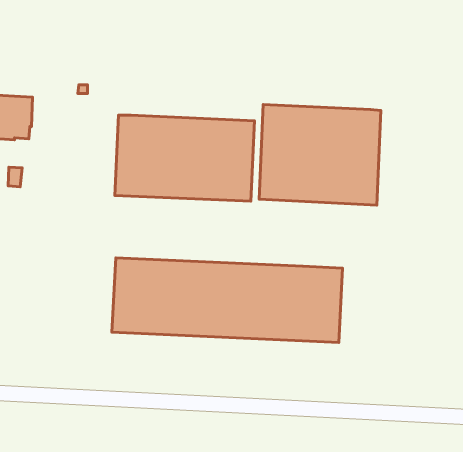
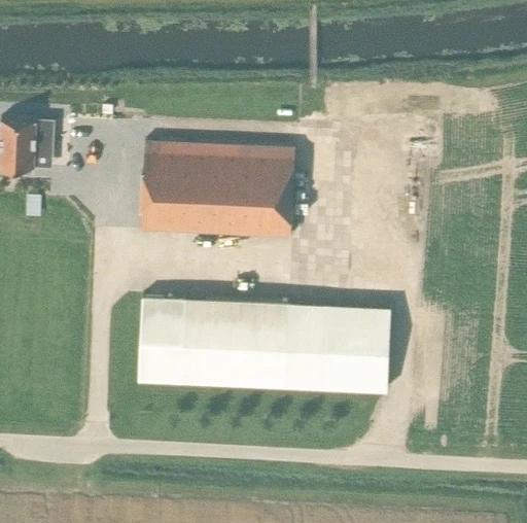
building: [259,105,381,205] -> none

